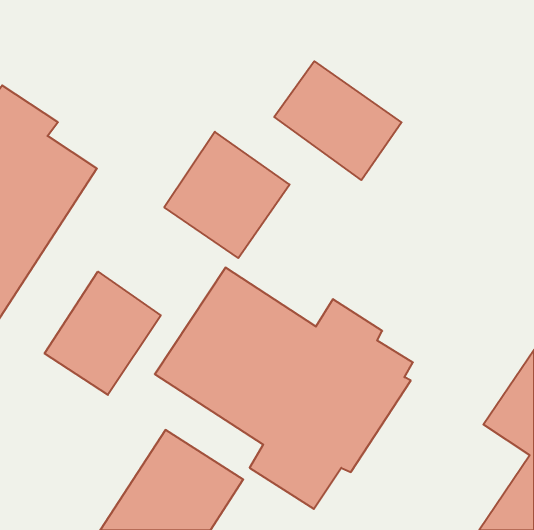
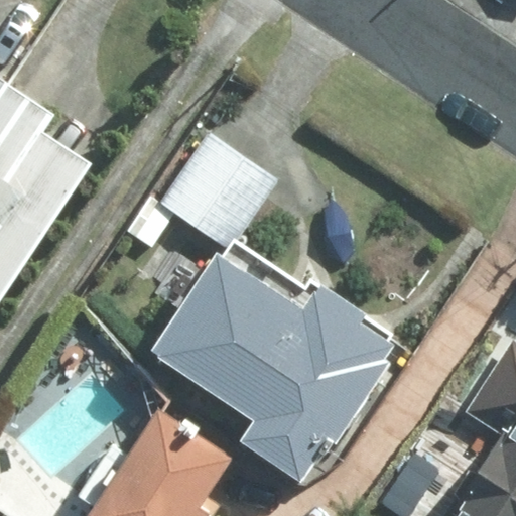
building: [274,61,402,180] -> none
building: [45,272,161,395] -> none

